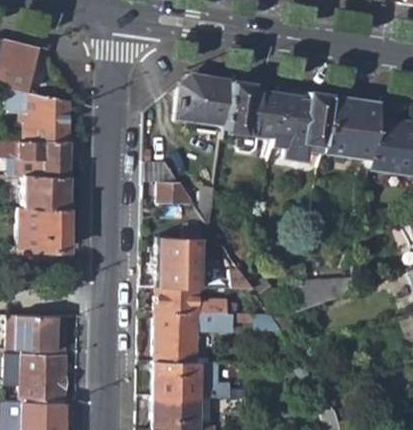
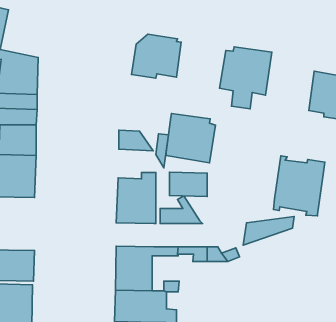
building: [224,80,279,135] -> [166,113,216,163]
building: [322,95,379,162] -> [274,156,325,216]
building: [157,285,199,312] -> [170,172,207,196]

